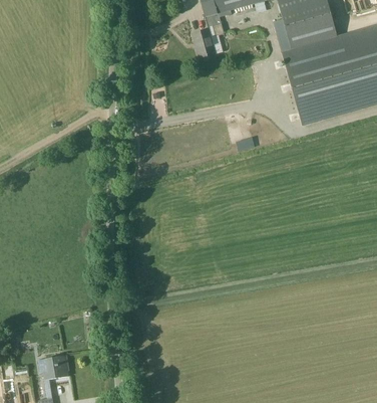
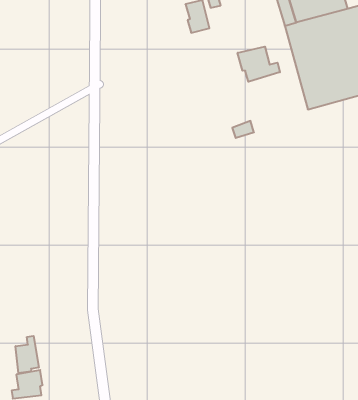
building: none -> [238,47,280,82]
building: none -> [16,336,39,373]

